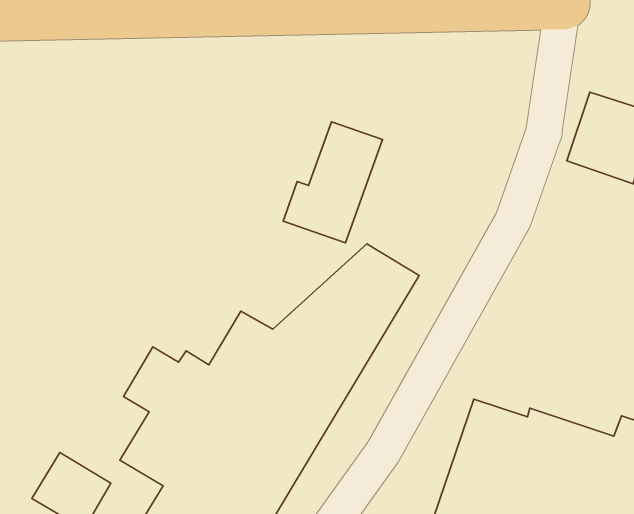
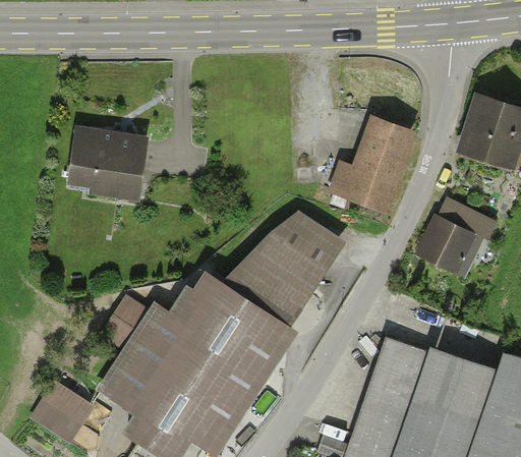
building: [283,122,383,243] -> [335,117,414,214]
building: none -> [70,128,148,192]
building: none -> [418,199,494,272]

